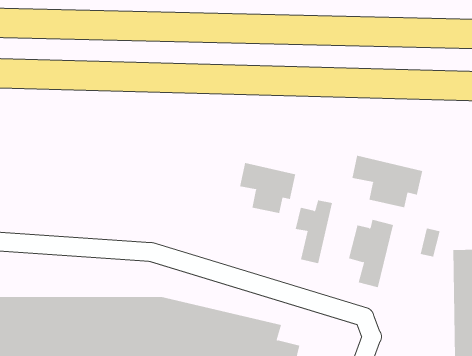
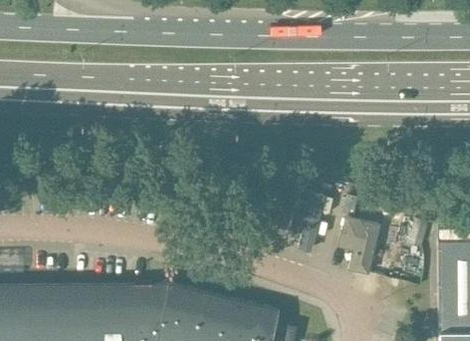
building: [352,155,423,208] -> none
building: [239,162,296,214] -> none

